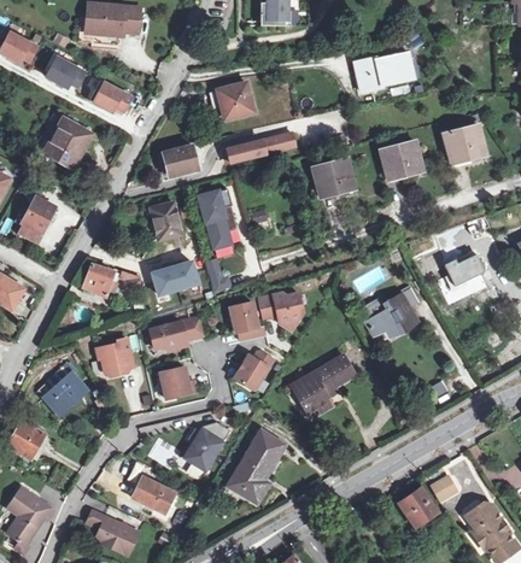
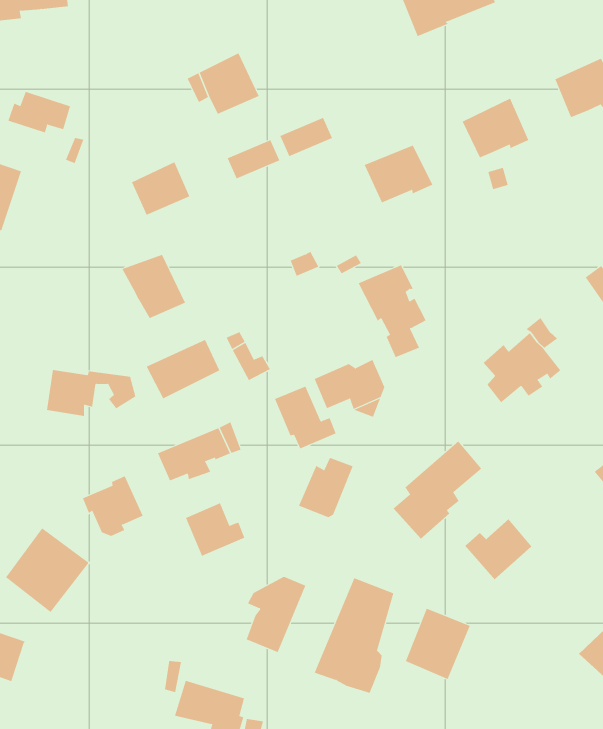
building: [198,188,238,247] -> [358,264,426,358]
building: none -> [464,519,532,580]
building: none -> [405,608,471,680]

